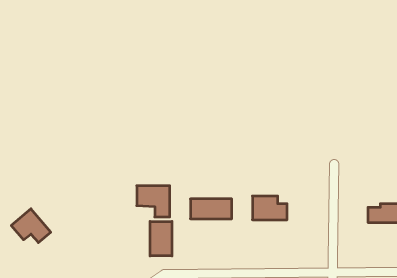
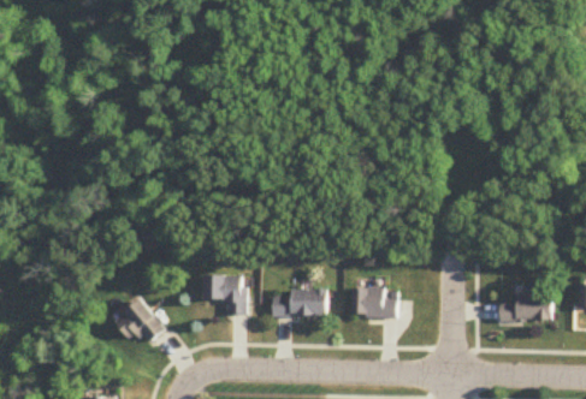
building: [11,209,51,243] -> [113,298,164,341]
building: [150,221,172,256] -> none

